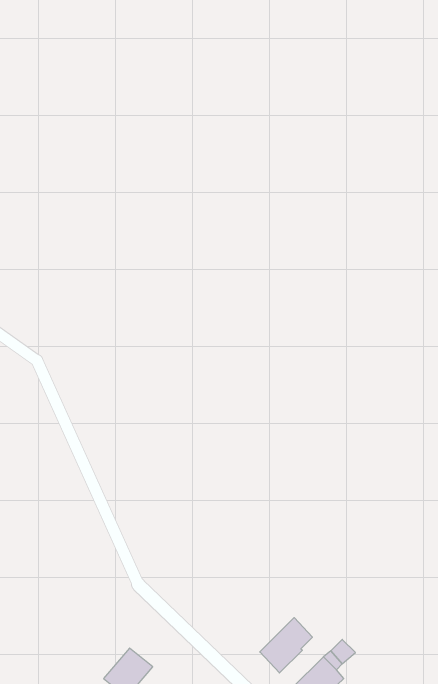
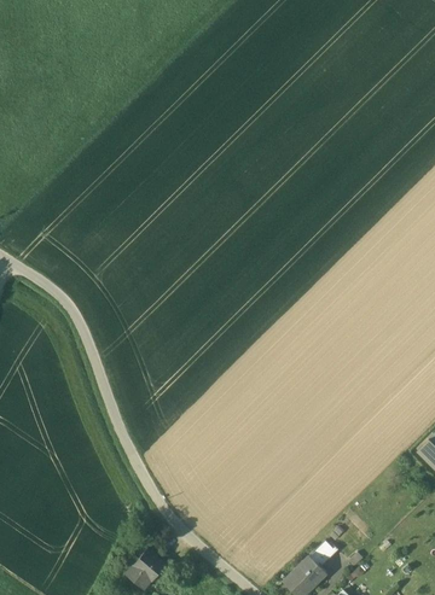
building: [260,618,312,673] -> none

